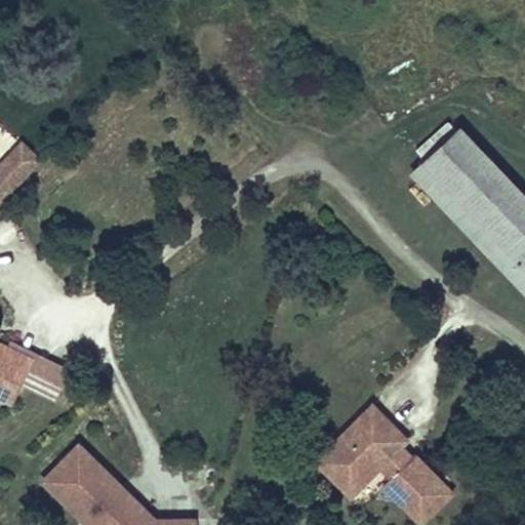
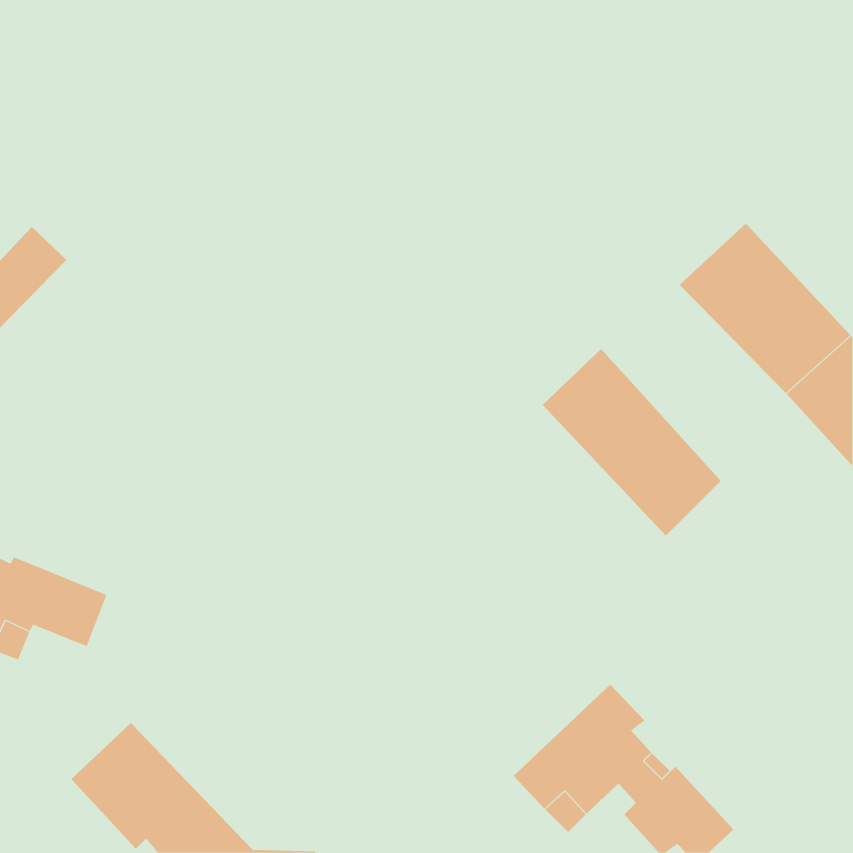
building: none -> [542,348,722,536]

